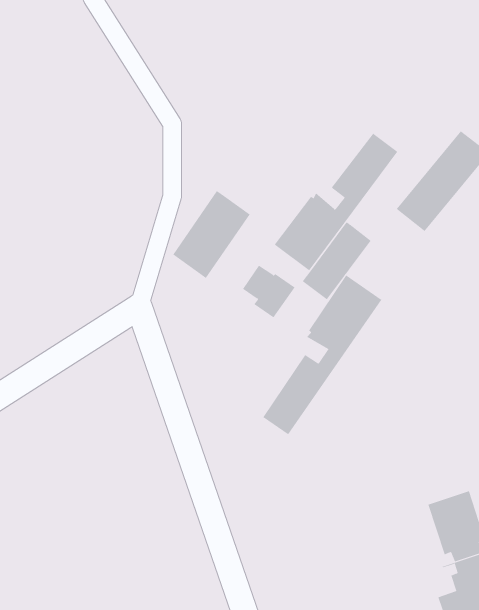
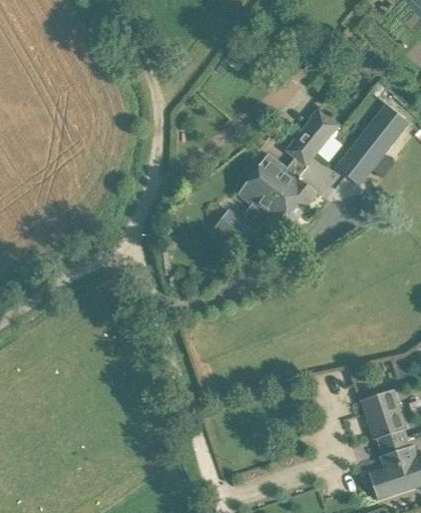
building: [172,190,250,279] -> none
building: [262,275,382,435] -> none

